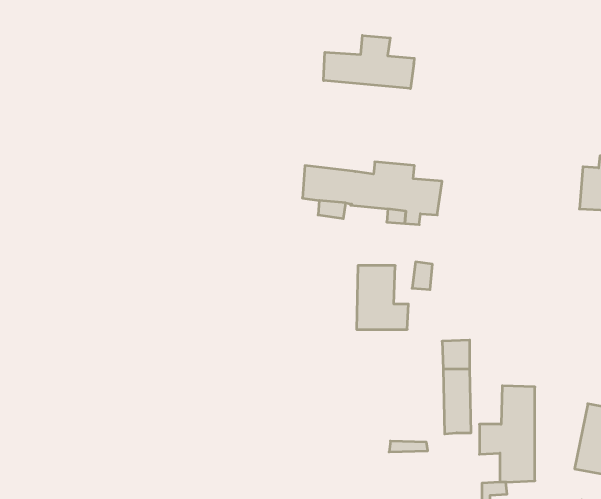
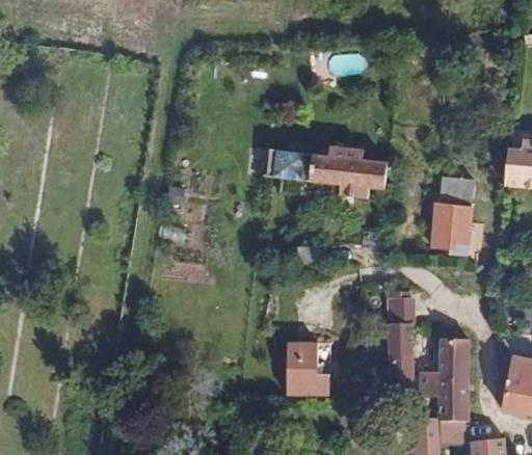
building: [324,35,414,89] -> none
building: none -> [430,176,474,257]
building: [357,266,408,329] -> [286,340,330,395]

